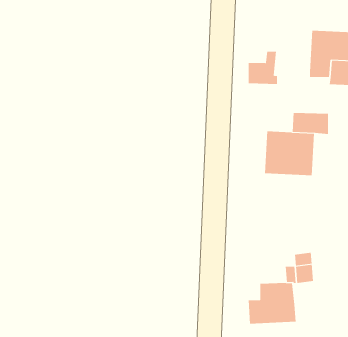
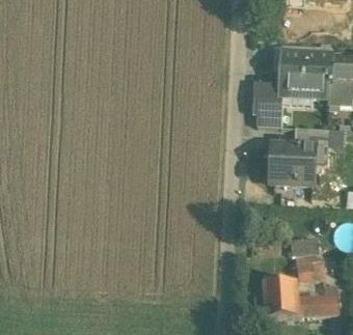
building: none -> [279,52,313,93]
building: none -> [255,101,282,124]
building: none -> [298,296,341,314]

